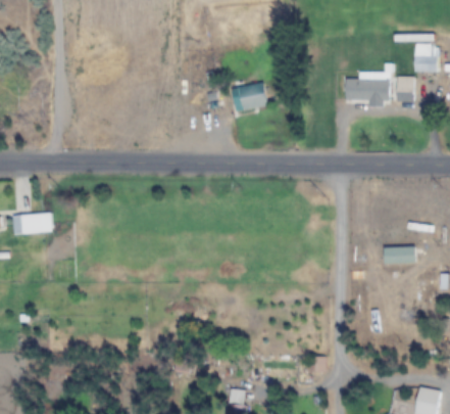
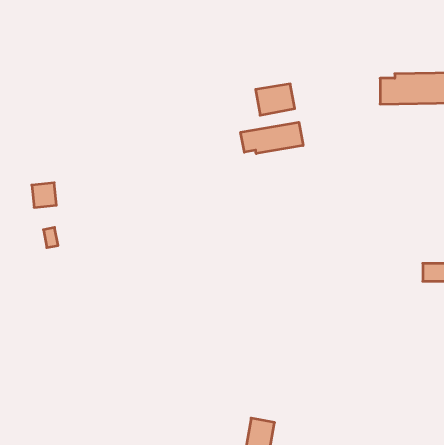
building: none -> [241,122,303,154]
building: [13,214,36,236] -> [32,183,56,207]

